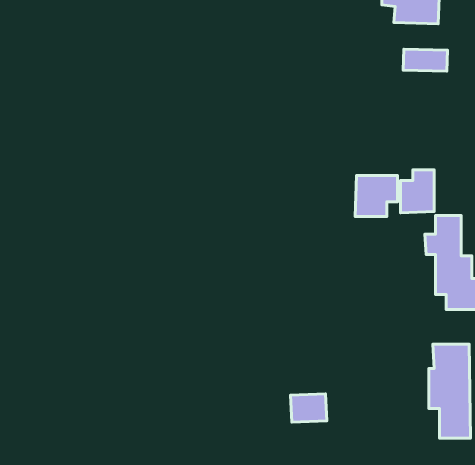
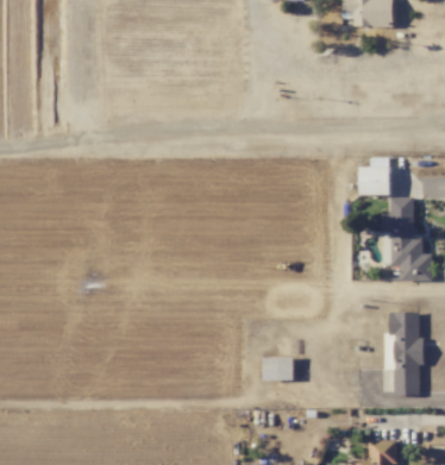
building: [403,49,448,71] -> none
building: [355,175,397,217] -> none

